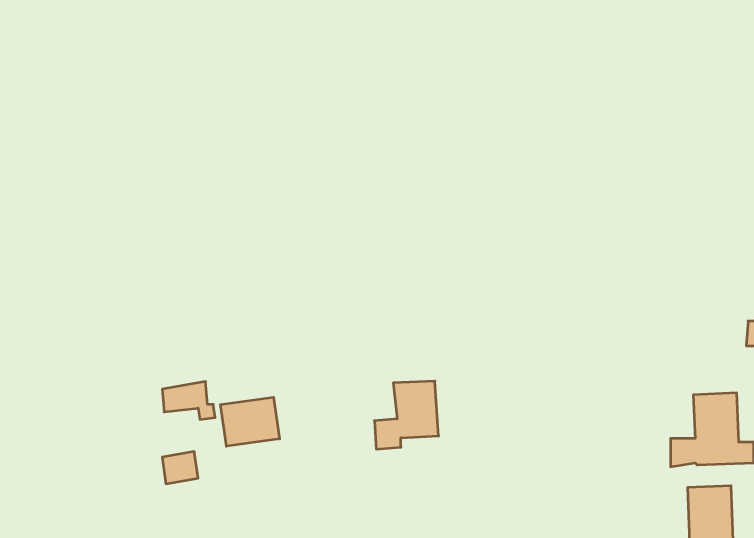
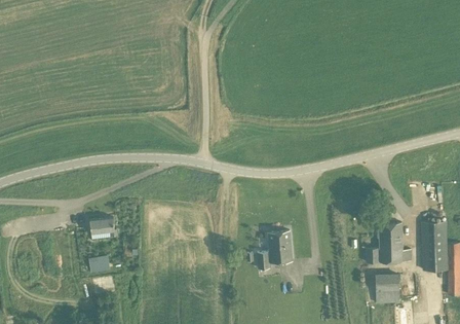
building: [374,381,439,449] -> [258,231,293,268]
building: [220,397,280,446] -> none

